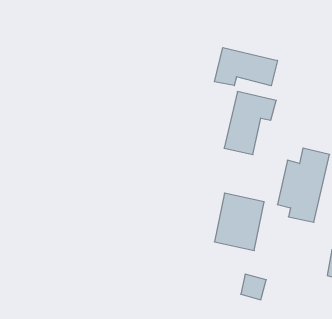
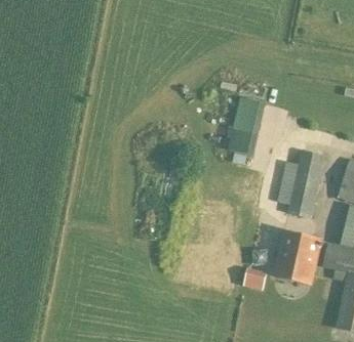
building: [215,48,277,86] -> none
building: [214,193,264,251] -> [274,230,320,284]

